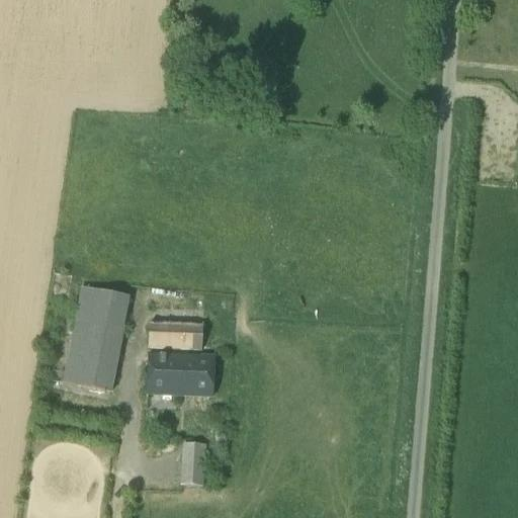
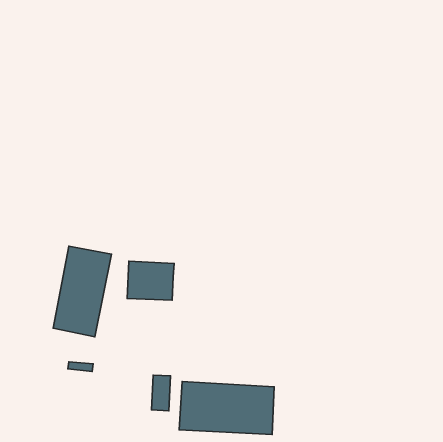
building: [149,352,214,396] -> none
building: none -> [179,382,274,434]

